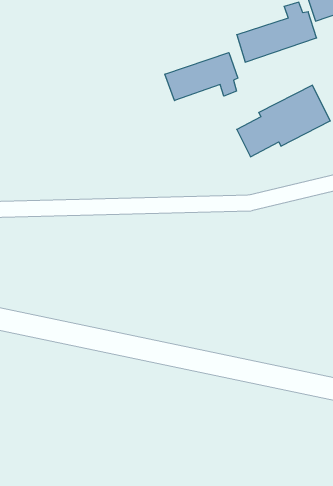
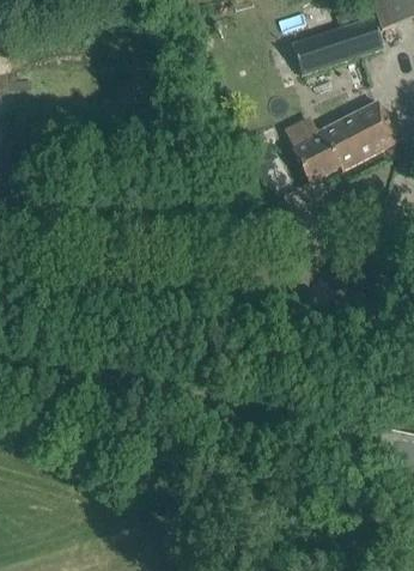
building: [165,53,238,101] -> none

